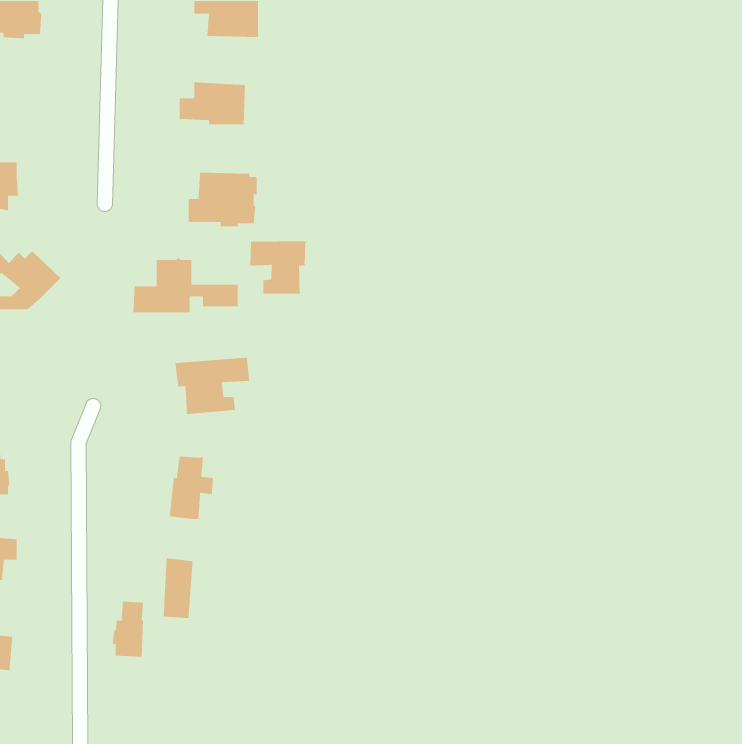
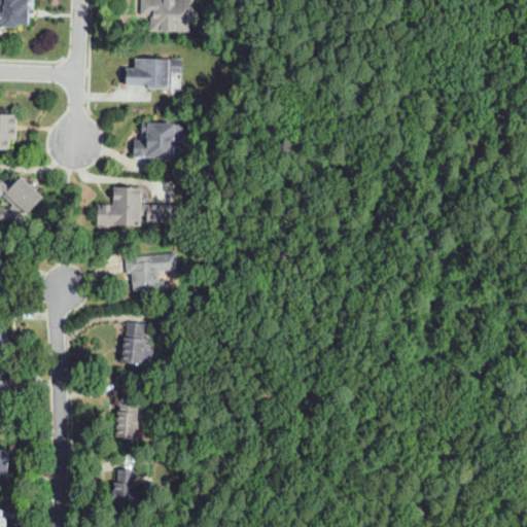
building: [249,240,306,295] -> none
building: [112,601,144,658] -> [111,469,134,510]

